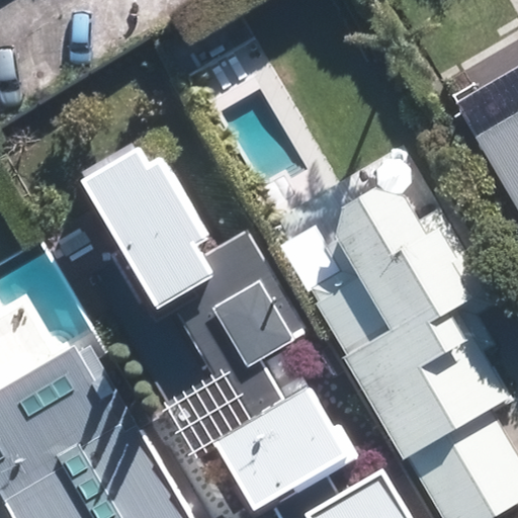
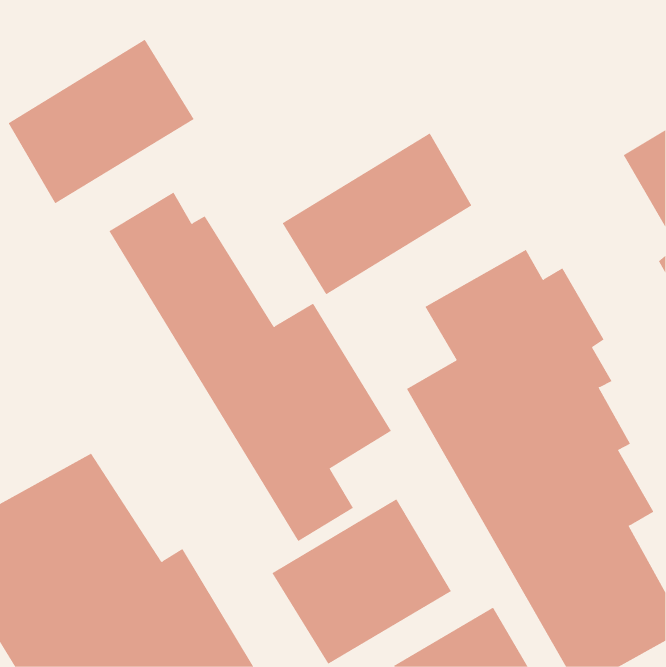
building: none -> [8,39,194,204]
building: none -> [282,133,472,295]

